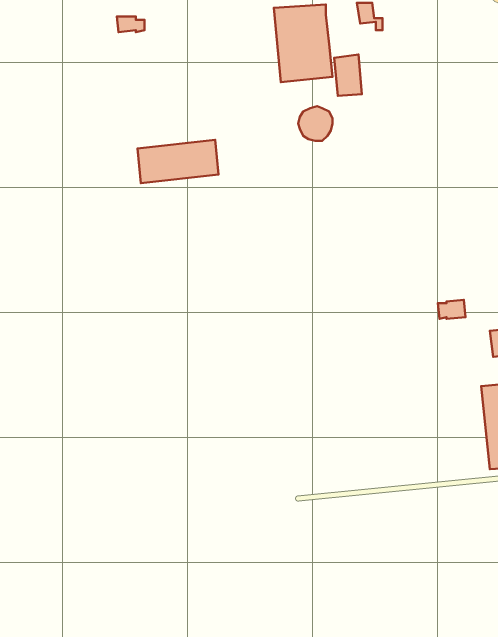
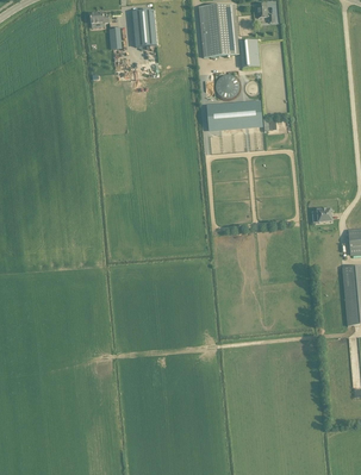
building: none -> [132,8,156,46]
building: [137,140,219,183] -> [205,99,261,129]

